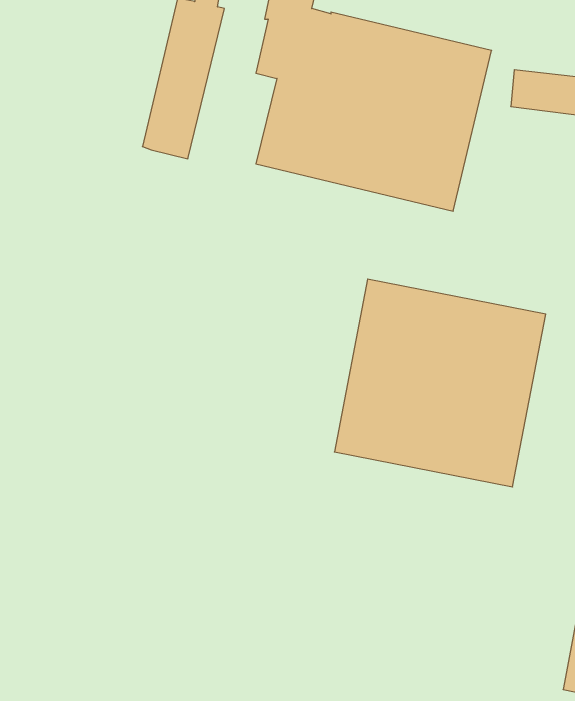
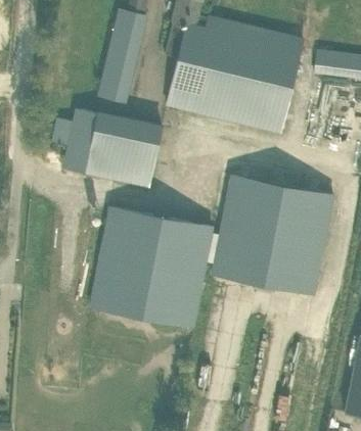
building: none -> [52,109,163,186]
building: none -> [91,207,214,328]

